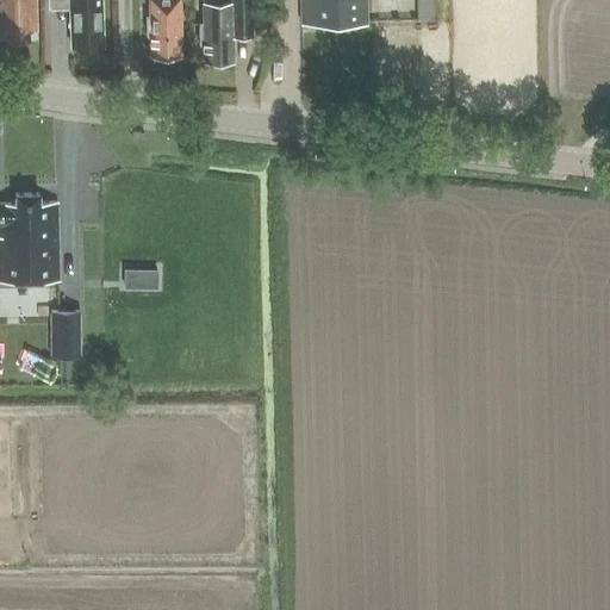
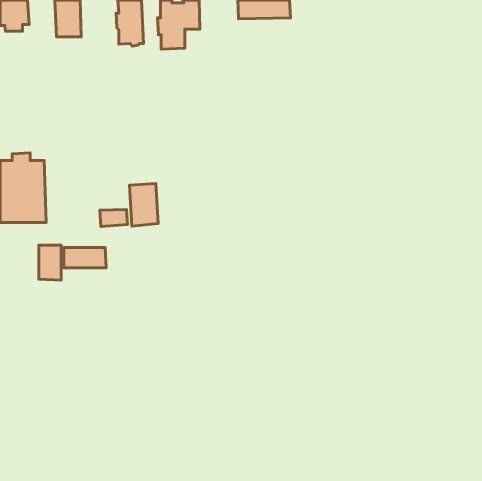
building: none -> [129,184,158,226]
building: none -> [64,248,106,268]

